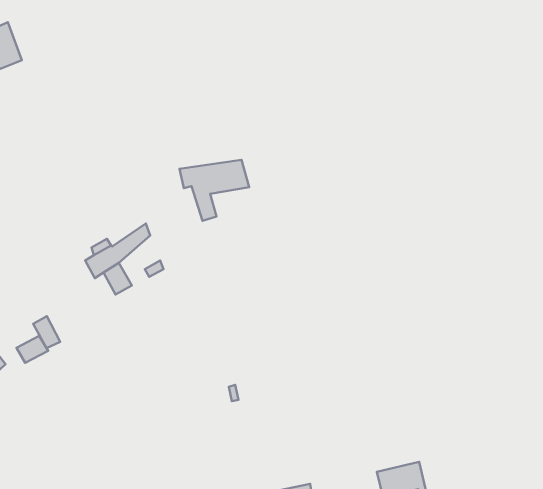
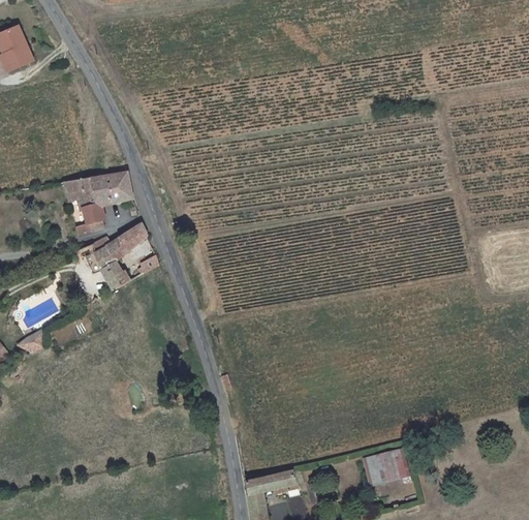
building: [180,160,249,221] -> [67,172,133,230]
building: [33,316,60,348] -> none

